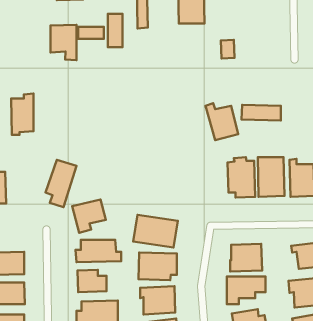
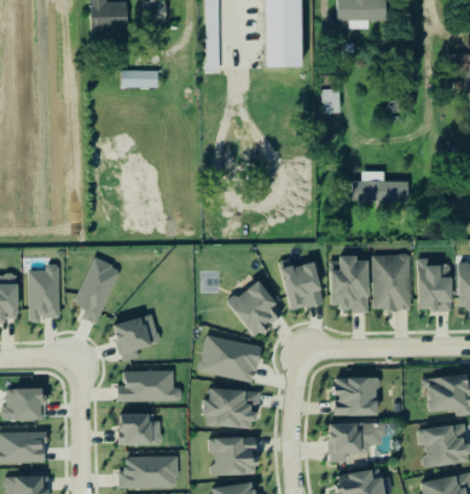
building: [108,14,123,47] -> none
building: [50,25,76,60] -> none
building: [11,93,33,135] -> [28,263,59,321]
building: [206,103,238,140] -> [279,258,325,310]
building: none -> [228,279,280,336]

